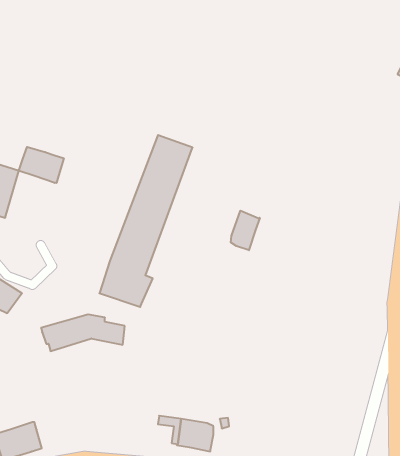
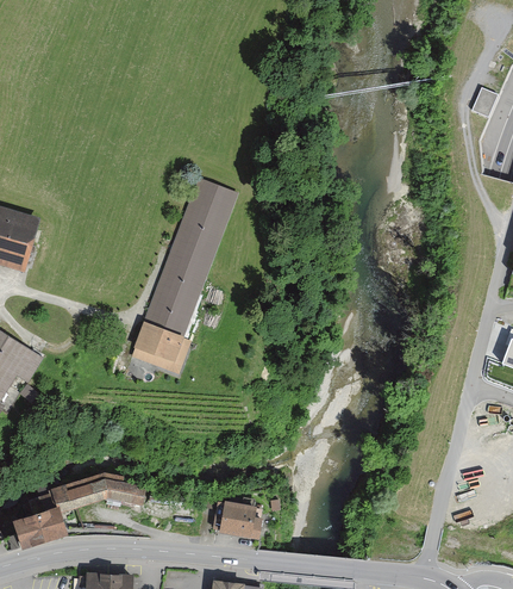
building: [19,147,64,183] -> none
building: [231,211,260,250] -> none
building: [41,314,125,351] -> [49,471,144,513]

